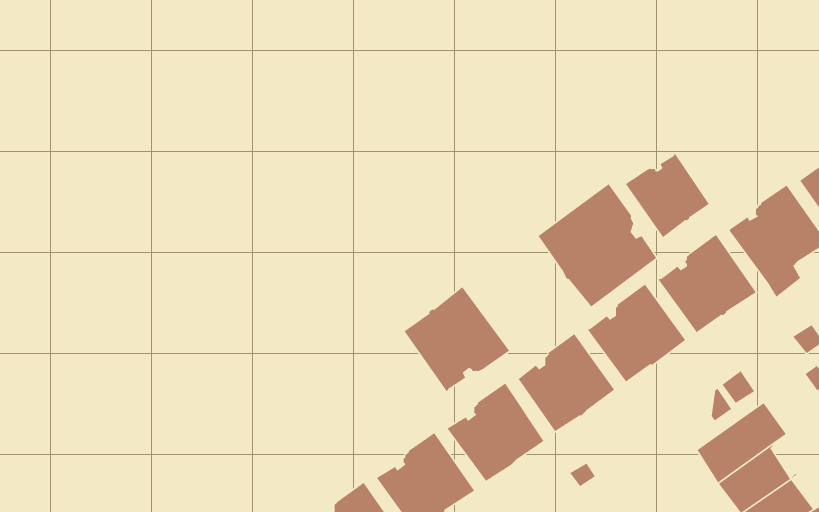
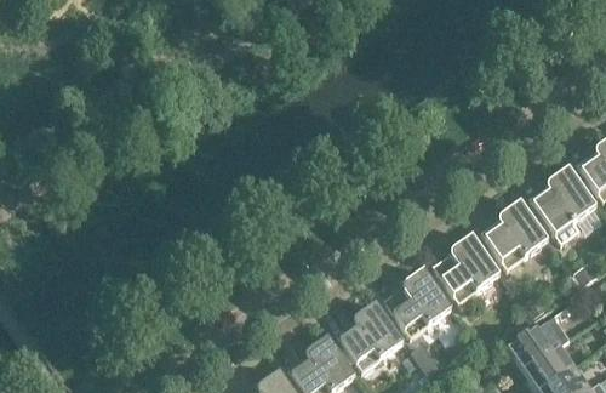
building: [625,153,710,238] -> none
building: [537,183,657,308] -> none
building: [403,286,510,392] -> none

